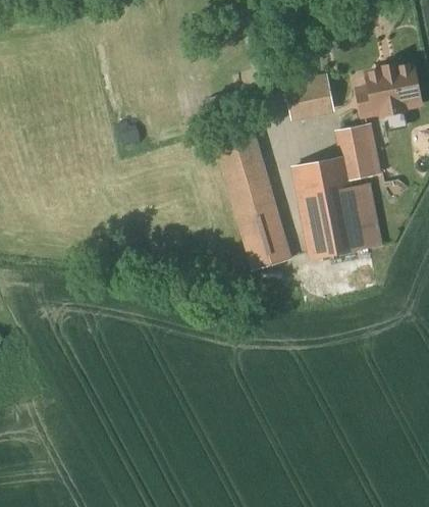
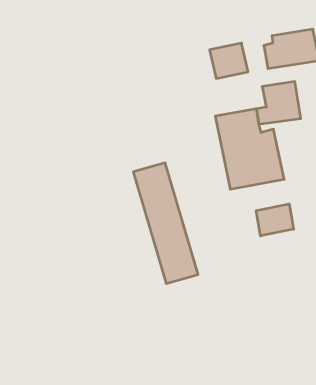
building: [212,120,292,270] -> [133,163,198,283]
building: none -> [256,204,294,236]

